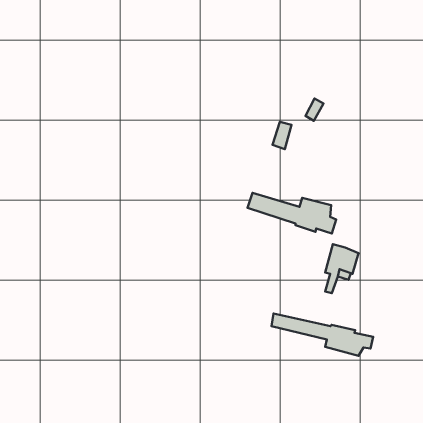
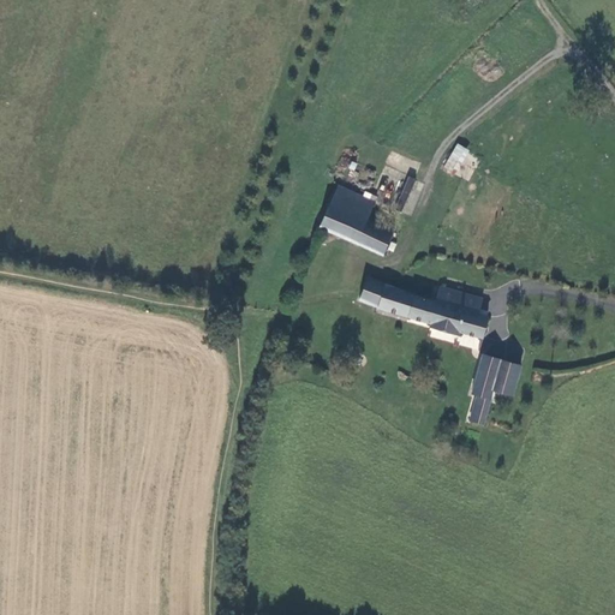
building: none -> [318,186,395,257]
building: [271,314,373,356] -> none

